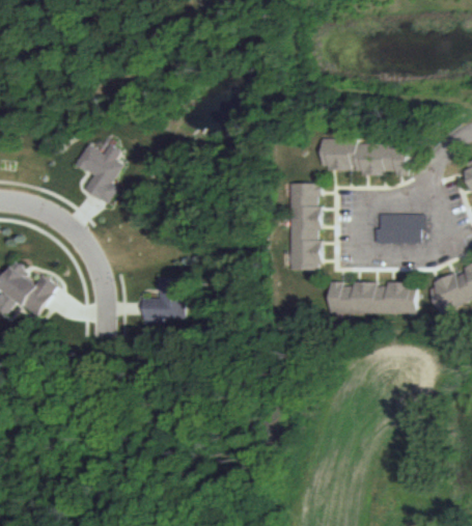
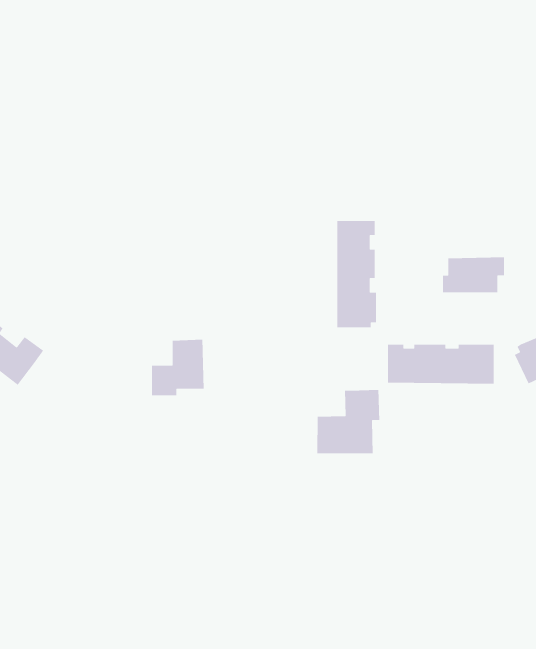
building: [323,139,409,175] -> none
building: [74,143,126,203] -> none
building: none -> [316,389,380,454]

